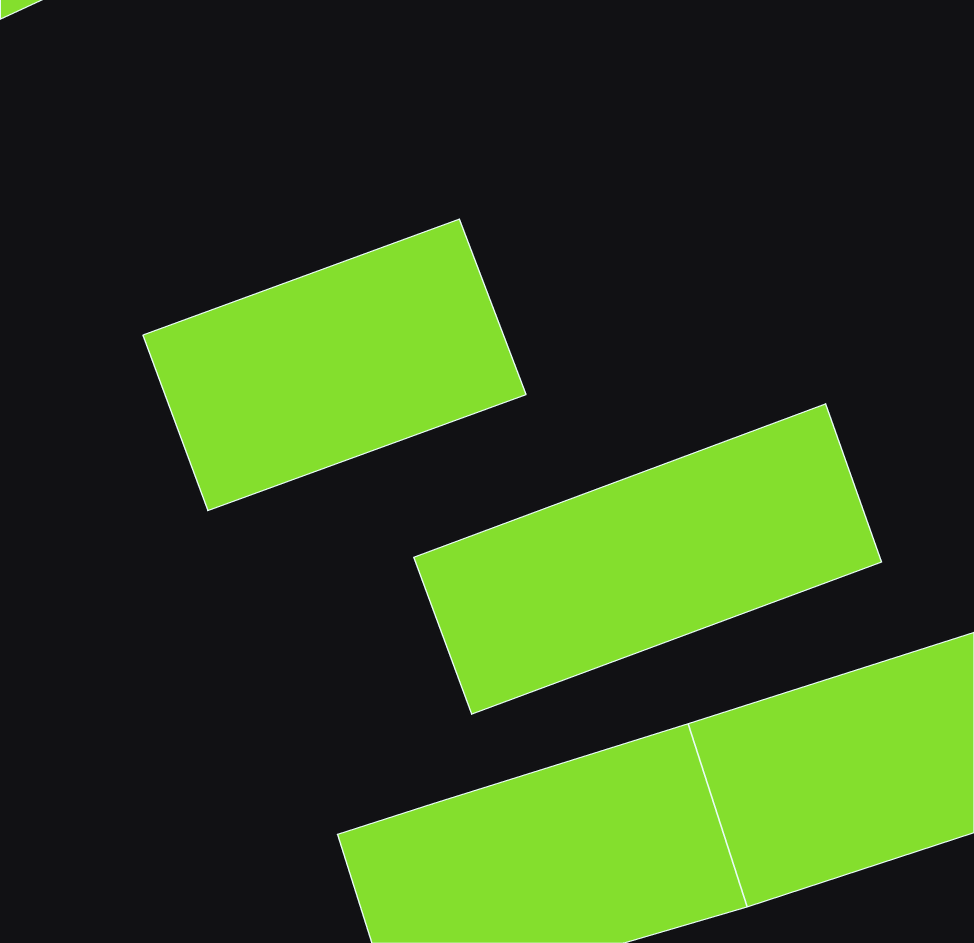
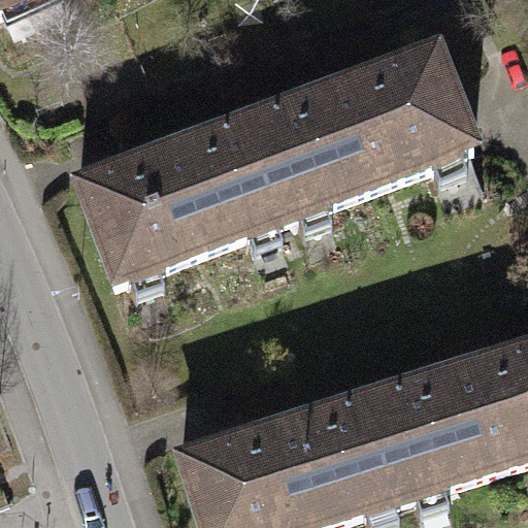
building: none -> [249,48,473,213]
building: [414,404,881,714] -> none

